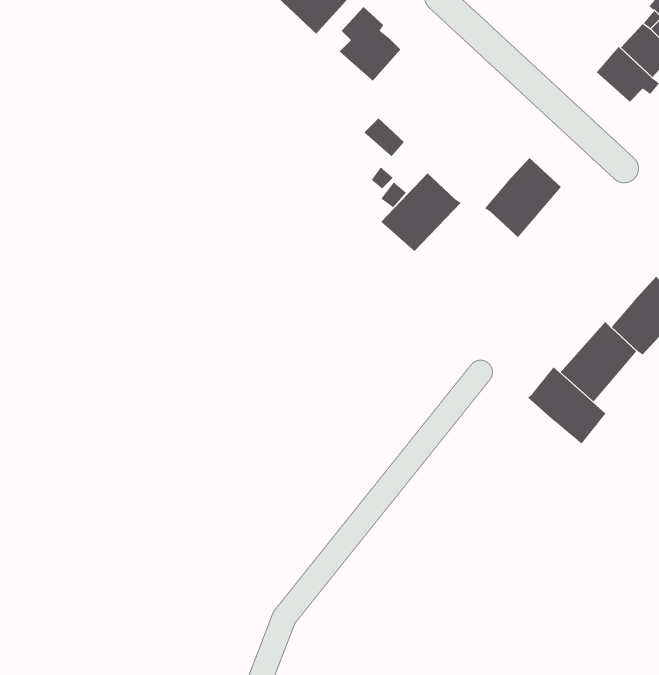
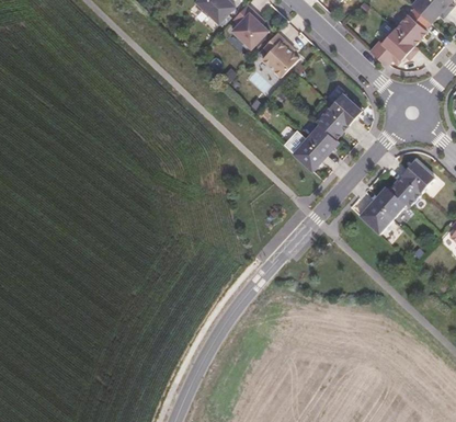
building: none -> [261,33,298,77]
building: [380,173,462,252] -> [292,124,339,170]
building: [527,367,606,444] -> none

